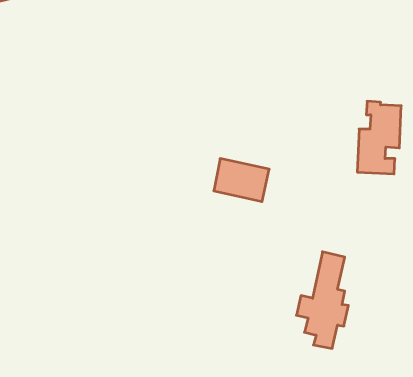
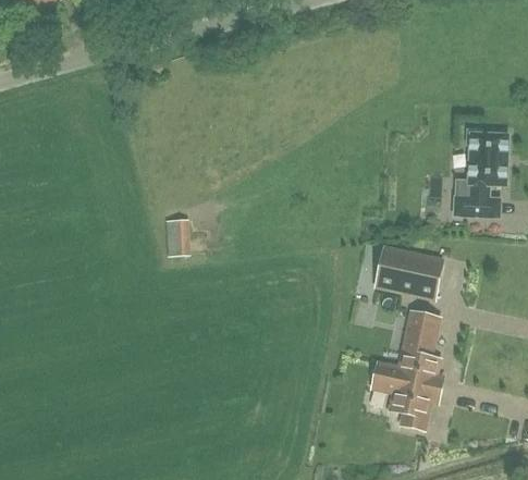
building: [214,159,269,202] -> [376,246,443,298]
building: none -> [167,218,188,255]

